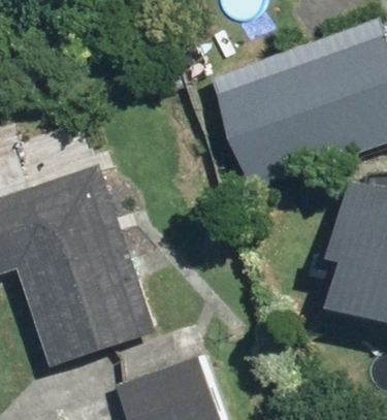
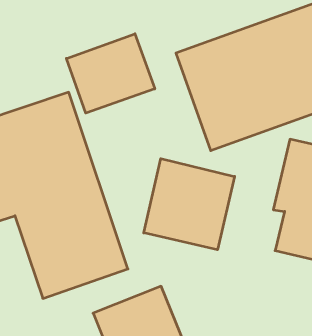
building: none -> [66,34,155,113]
building: none -> [144,159,235,250]

